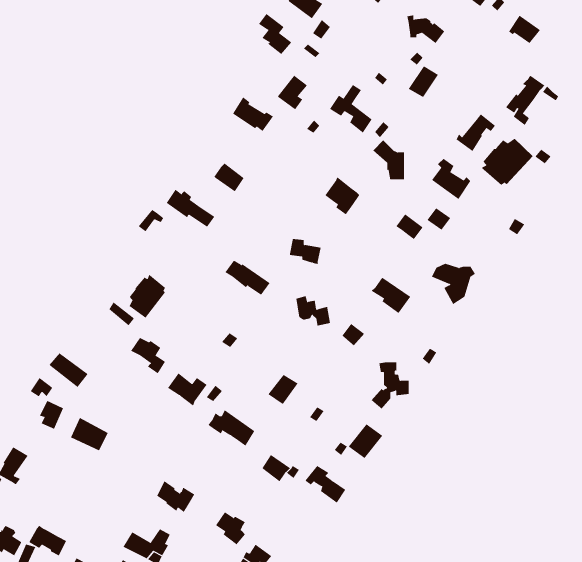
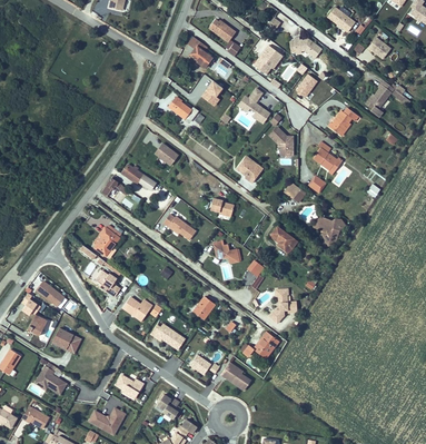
building: none -> [252,43,284,75]
building: [480,138,533,186] -> none
building: none -> [36,362,67,393]

